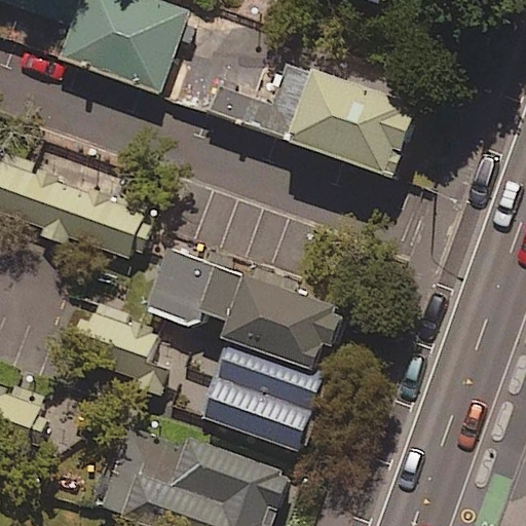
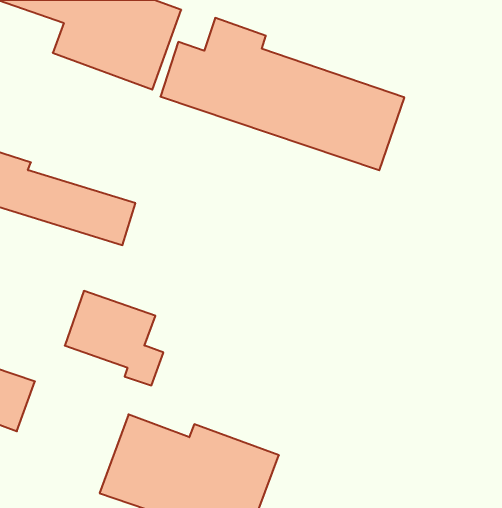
building: [142,248,340,368] -> none
building: [201,344,322,449] -> none

